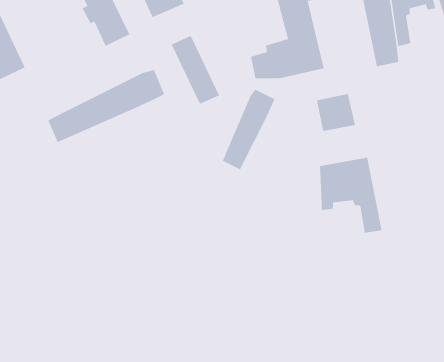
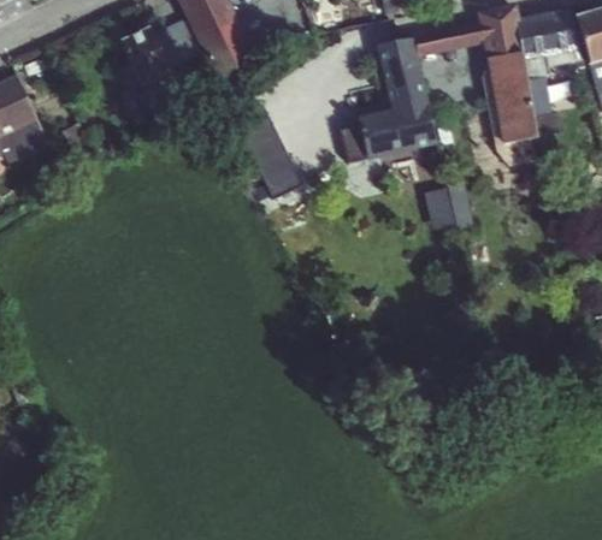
building: [48,69,165,143] -> none
building: [222,89,275,170] -> none
building: [320,157,382,234] -> none

